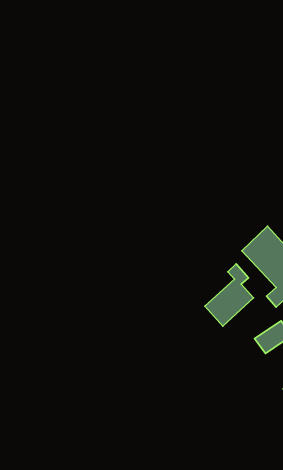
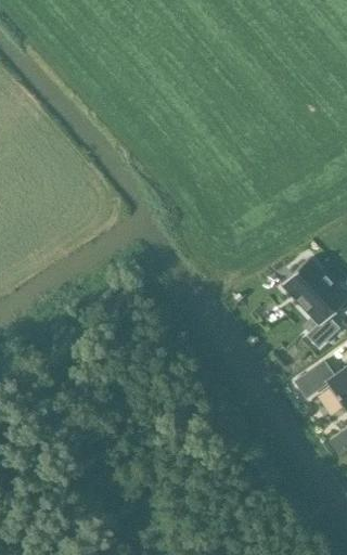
building: [205,264,253,326] -> none

